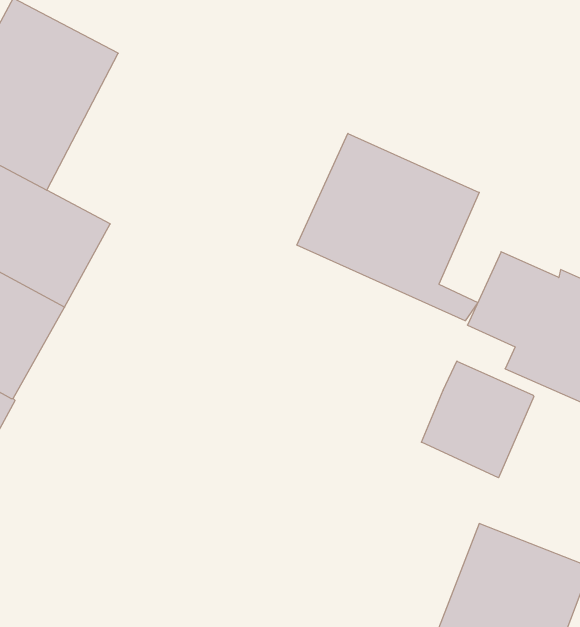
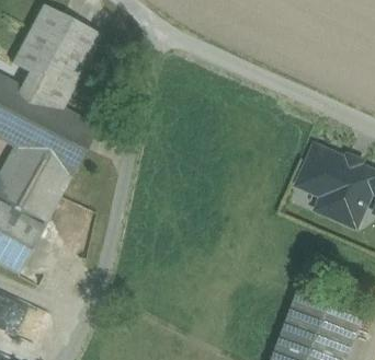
building: [297,133,479,321] -> none
building: [421,361,534,478] -> none

